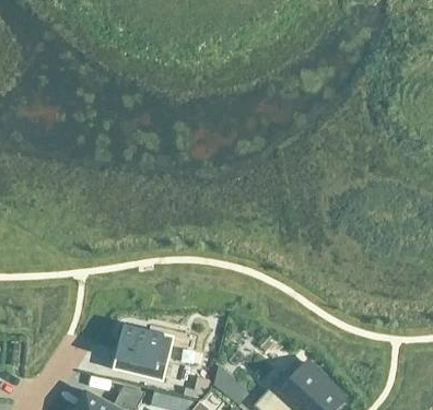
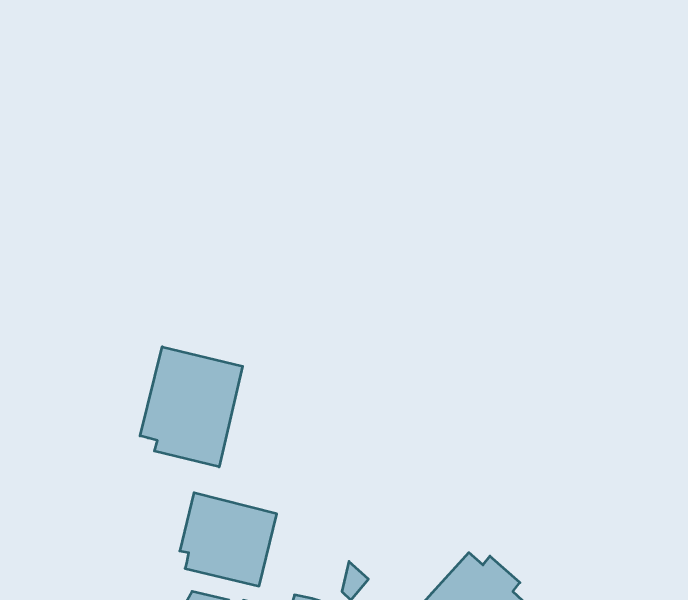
building: none -> [140,347,243,467]

